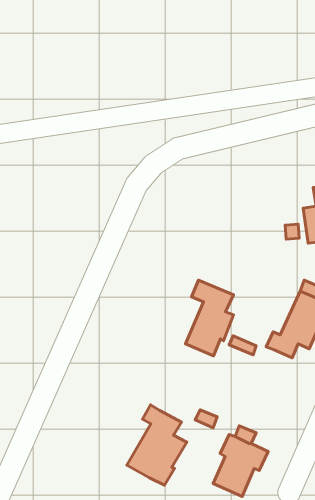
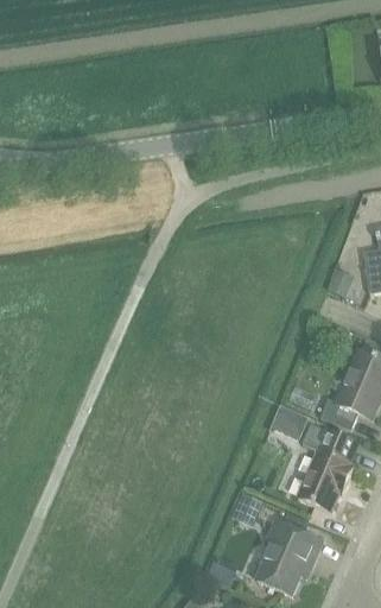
building: [185,280,233,356] -> [297,422,354,512]
building: [127,405,187,485] -> none

